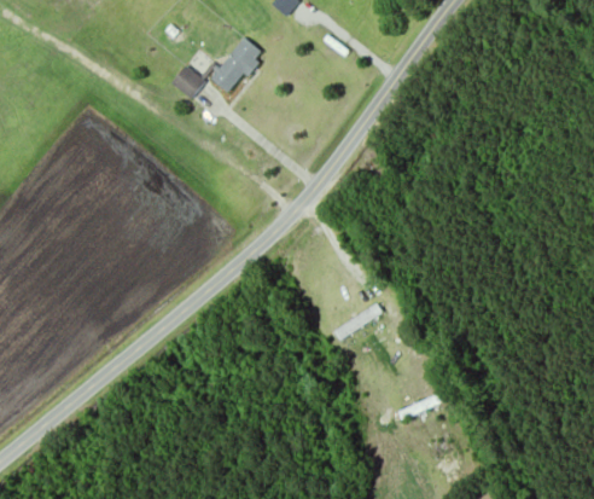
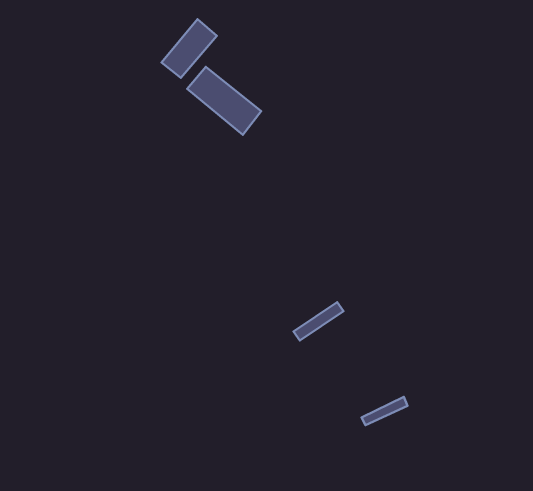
building: [171,65,204,98] -> none
building: none -> [187,67,261,135]

